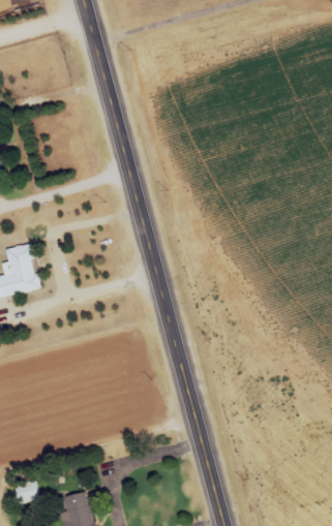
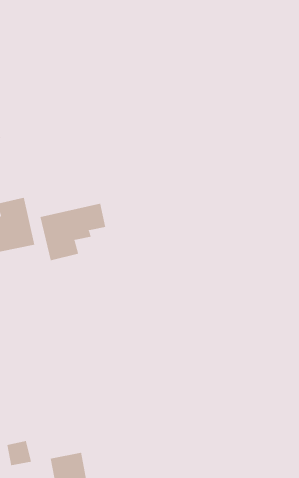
building: none -> [40,203,106,261]

